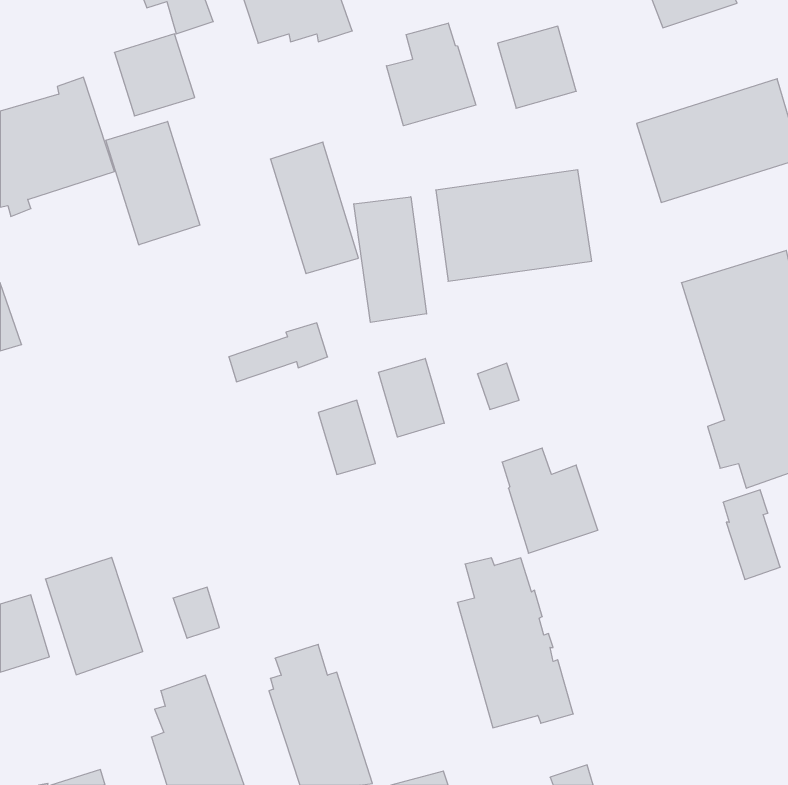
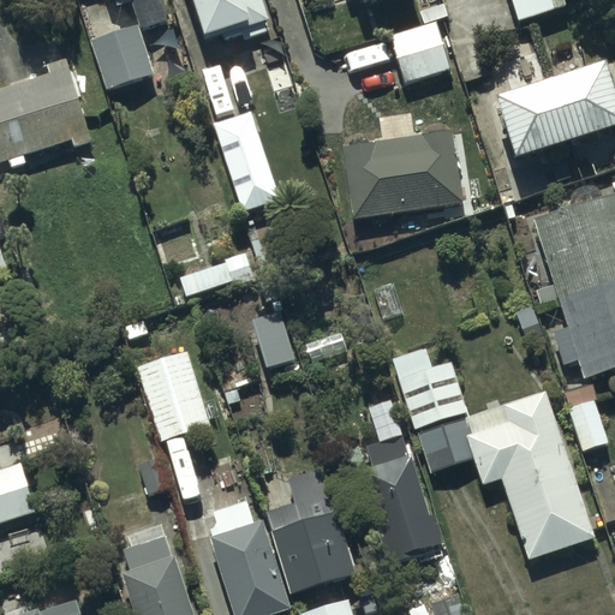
building: [386,23,476,126] -> none
building: [106,121,200,245] -> none
building: [354,197,427,322] -> none
building: [378,358,444,437] -> none
building: none -> [462,390,592,560]
building: [45,557,143,675] -> [139,352,215,443]
building: none -> [265,471,353,595]

